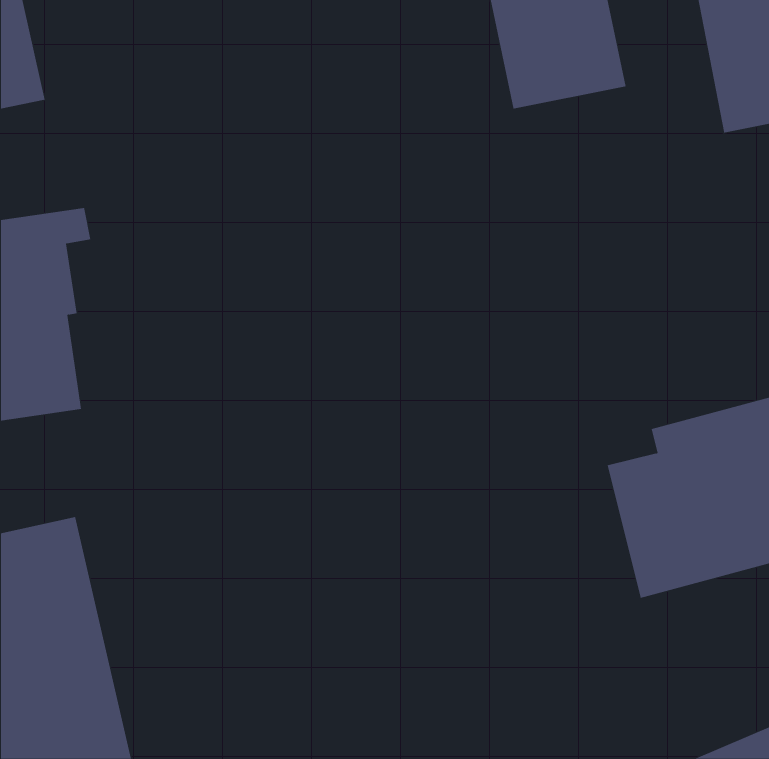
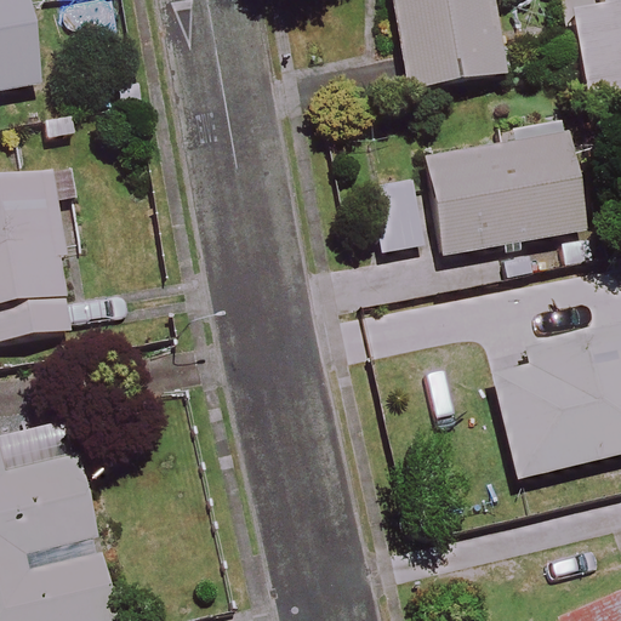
building: none -> [371,135,587,253]

